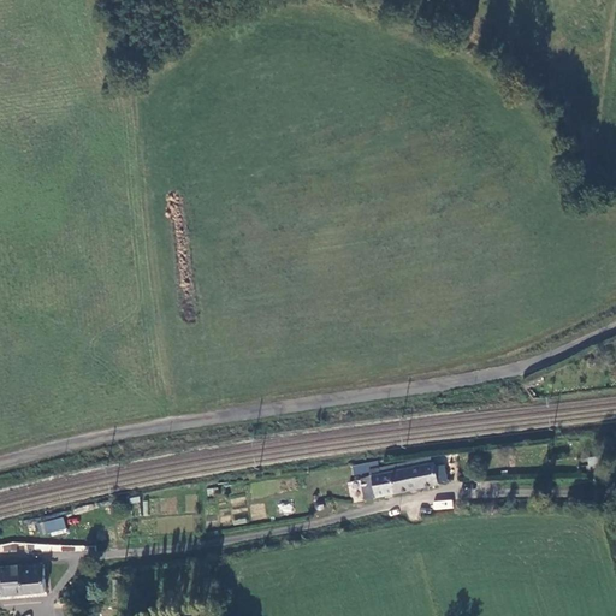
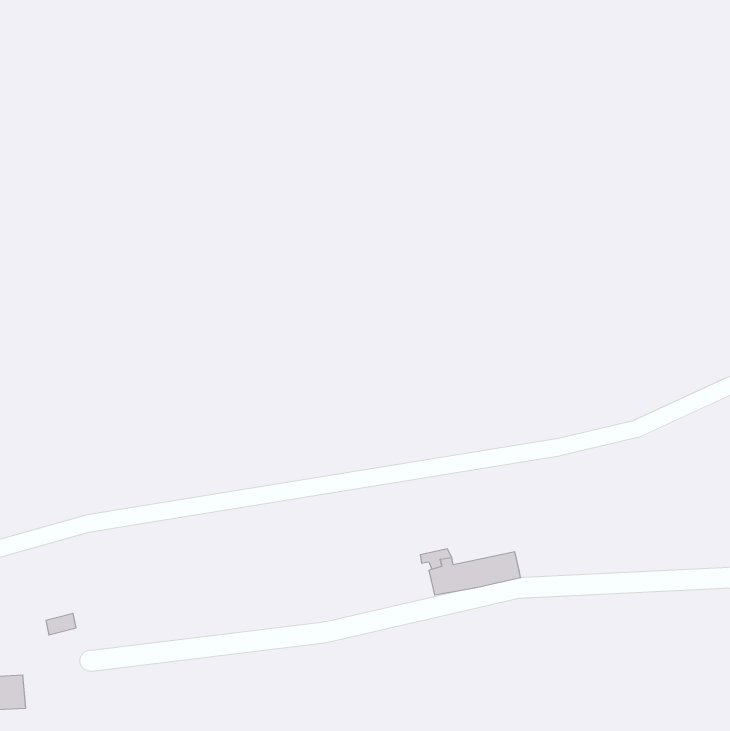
building: [19,565,45,594] -> none

